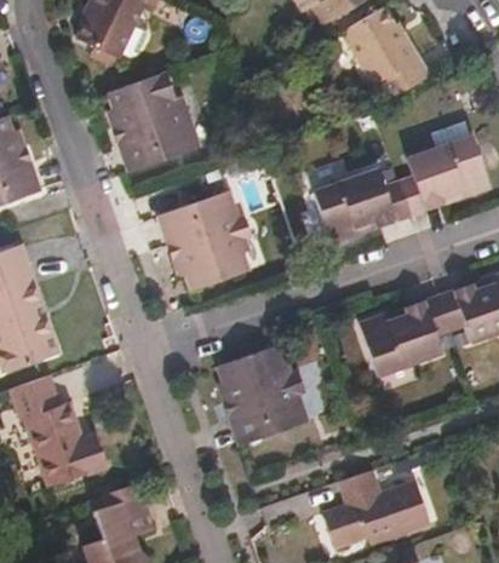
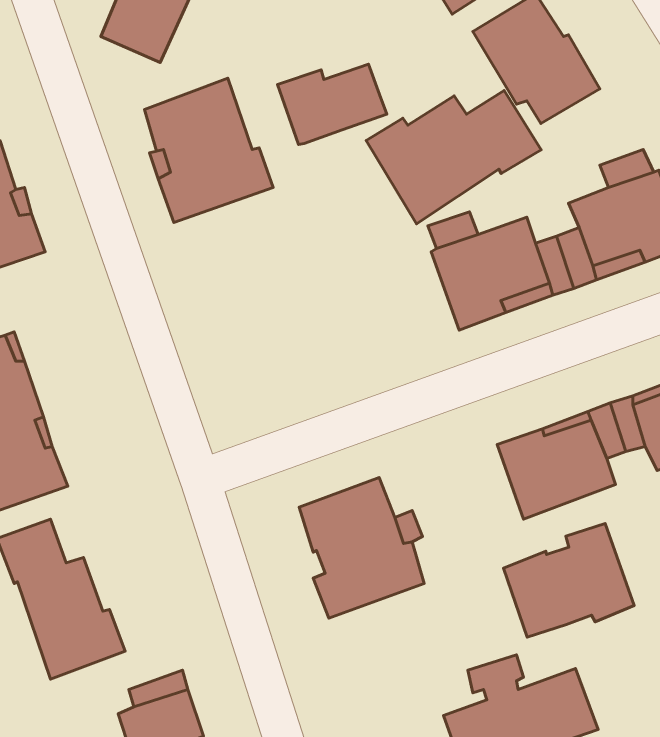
building: none -> [278,64,387,144]
building: none -> [366,90,541,224]
building: [160,190,252,295] -> none
building: none -> [503,523,634,637]

